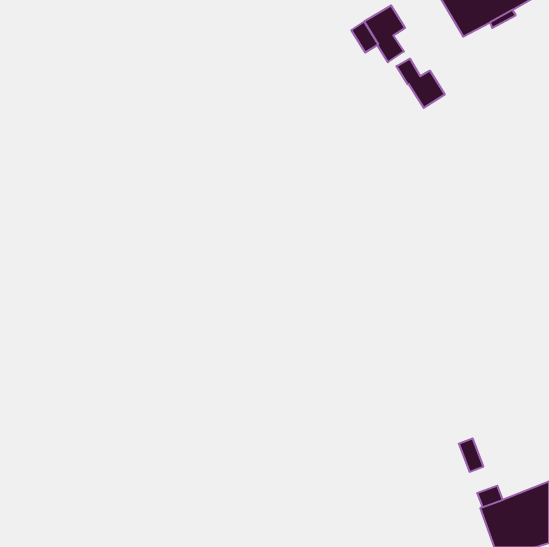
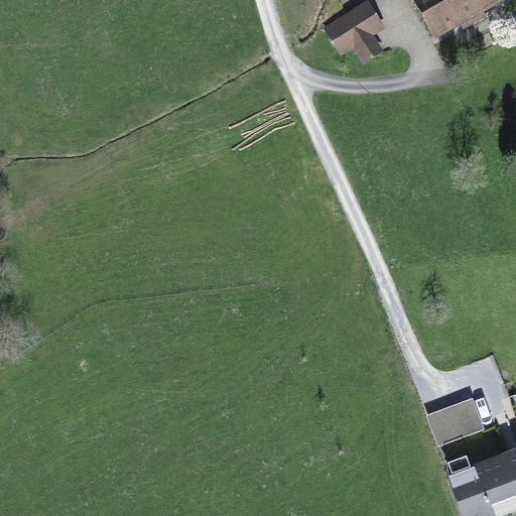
building: [396,59,445,108] -> none
building: none -> [443,401,481,437]

